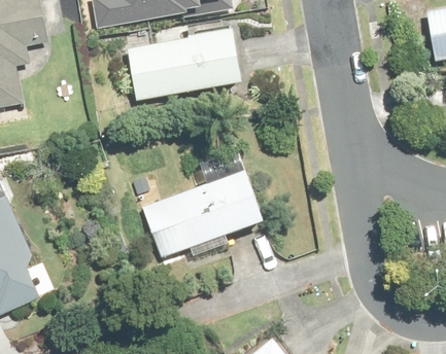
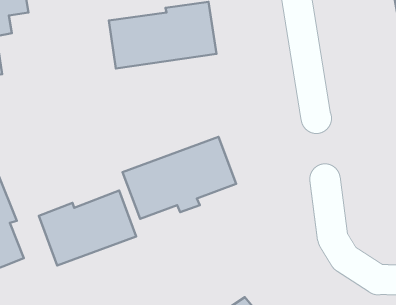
building: none -> [39,191,136,265]

